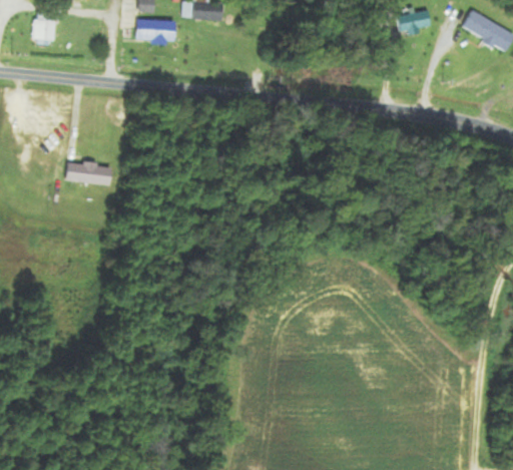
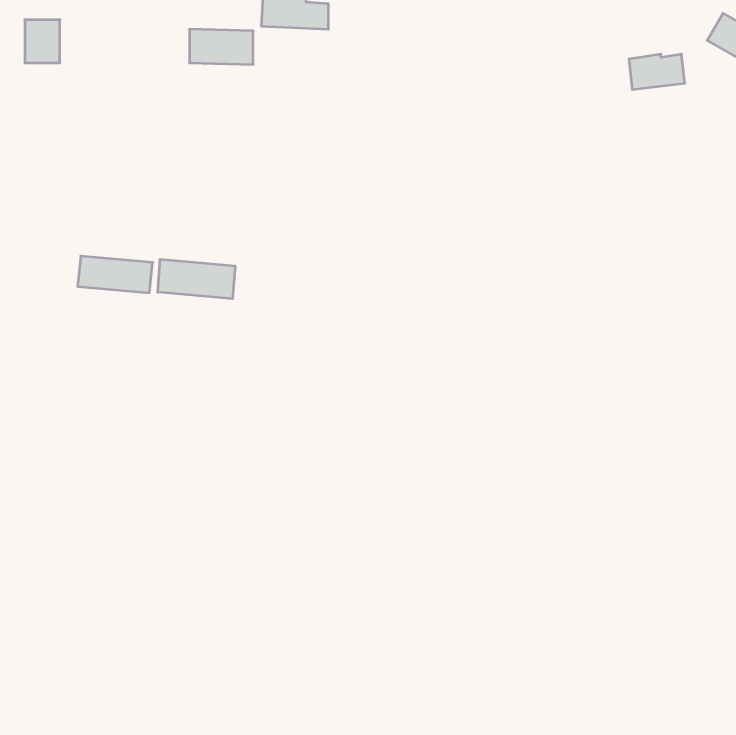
building: [396,10,431,32] -> [629,54,685,89]
building: none -> [158,259,235,299]

